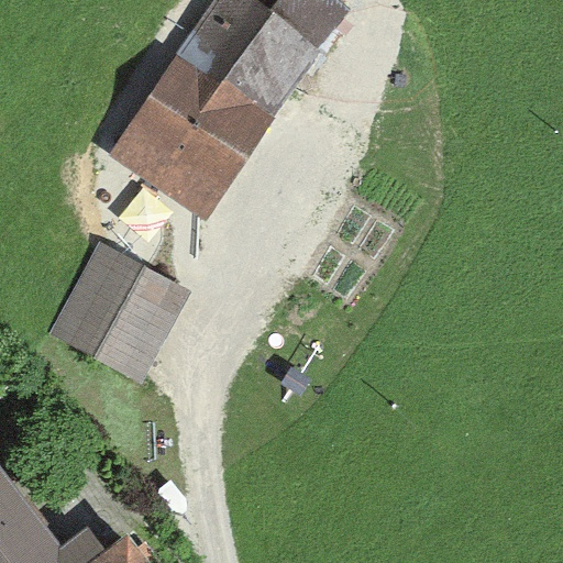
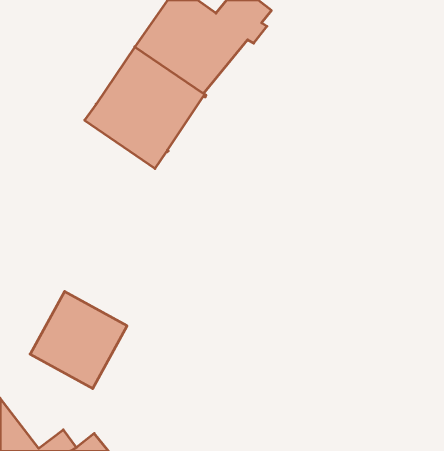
building: [58,251,179,372] -> [30,291,127,389]

